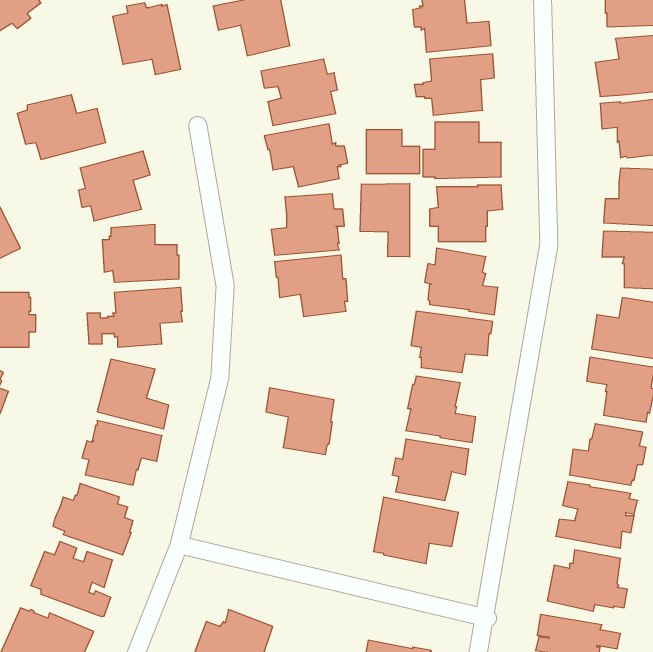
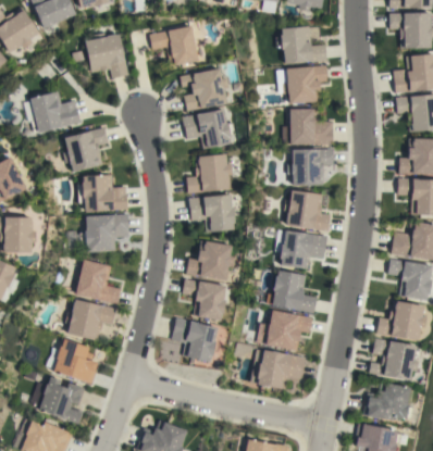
building: [367,129,419,174] -> none
building: [360,183,410,257] -> none
building: none -> [186,240,235,280]
building: none -> [172,317,218,362]

